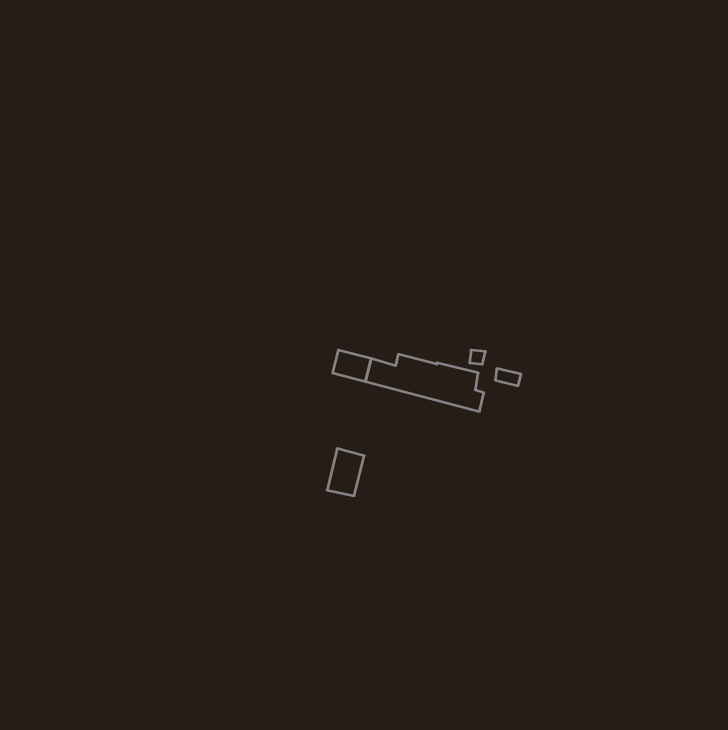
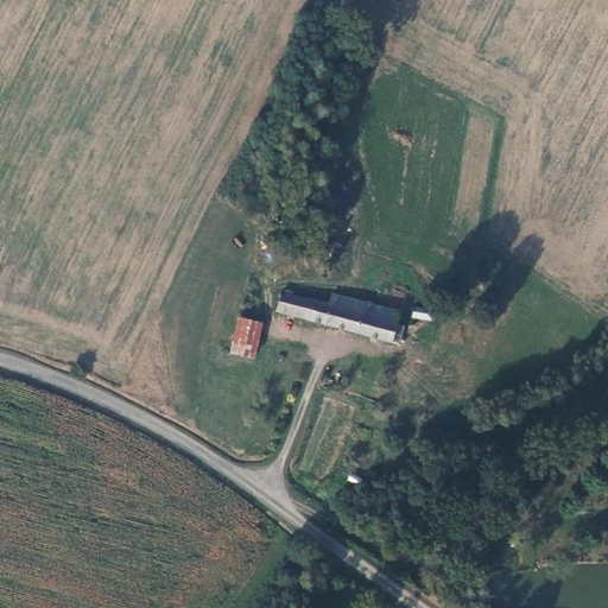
building: [327,449,364,496] -> [230,317,261,356]

